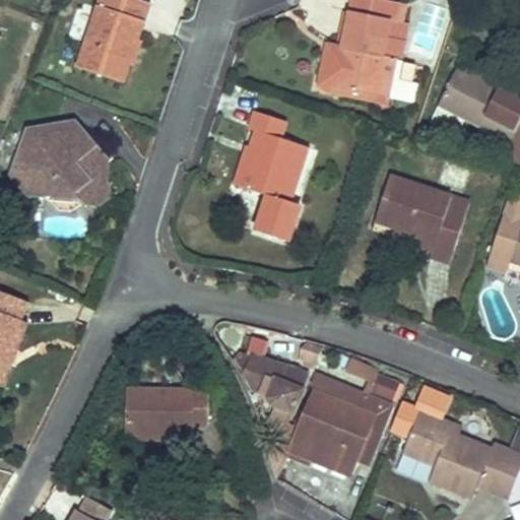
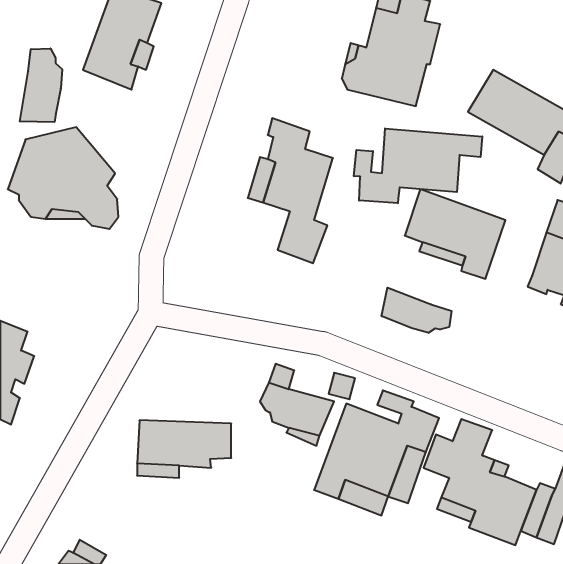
building: none -> [20,48,62,122]
building: none -> [354,128,482,203]
building: none -> [382,288,451,333]

